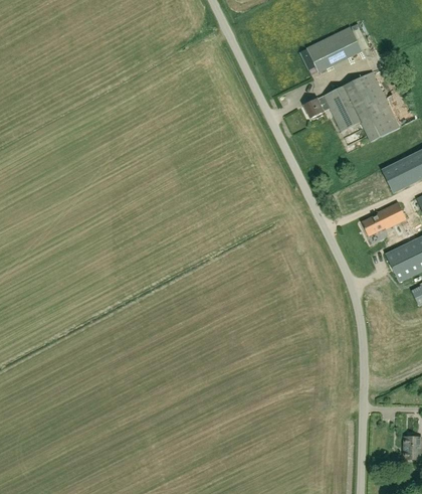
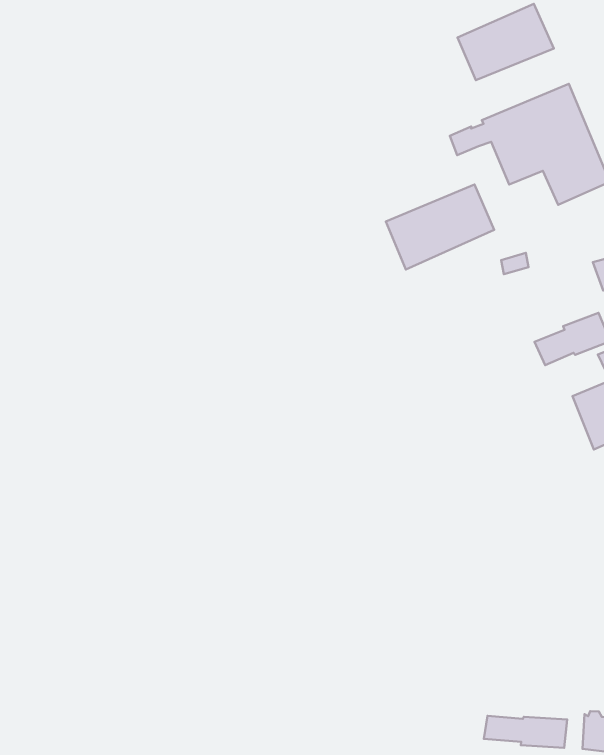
building: none -> [386,184,494,270]
building: none -> [484,716,567,748]

